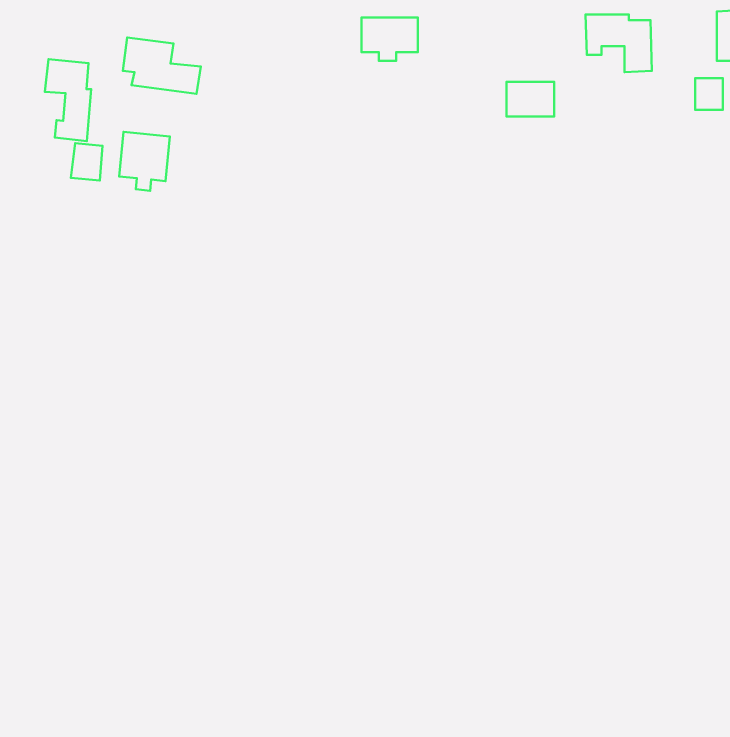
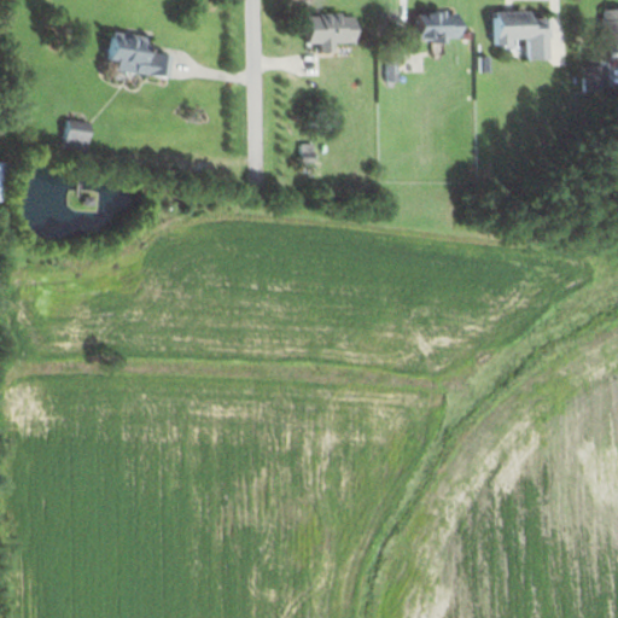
building: [45,59,91,141] -> none
building: [506,82,554,116] -> [420,12,460,41]
building: [119,132,170,191] -> none

